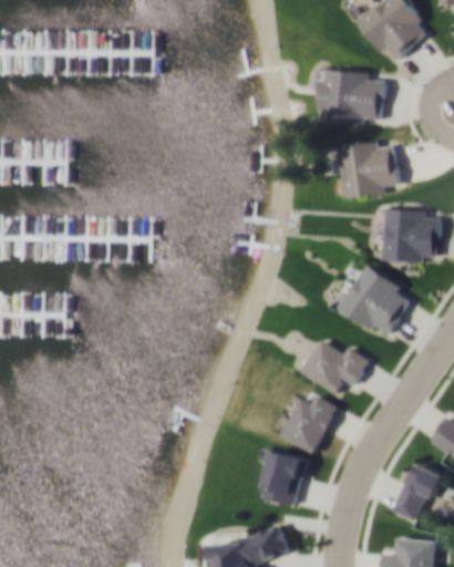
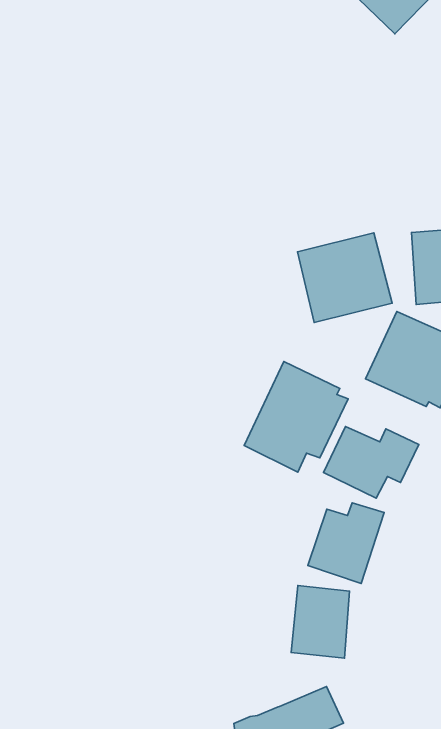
building: [317,69,382,124] -> none
building: [336,140,399,198] -> [297,233,392,322]
building: none -> [244,362,348,472]

